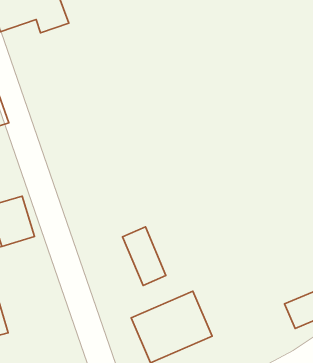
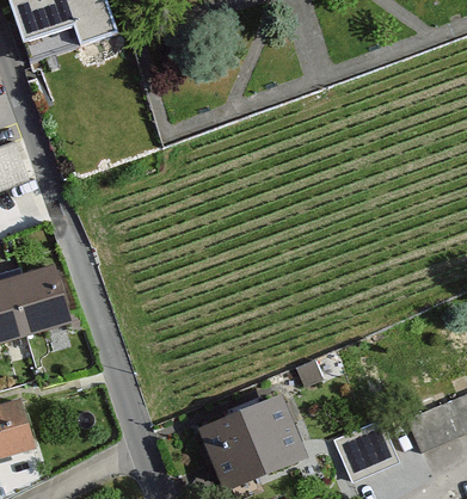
building: [122,227,166,286] -> none
building: none -> [332,415,398,478]

